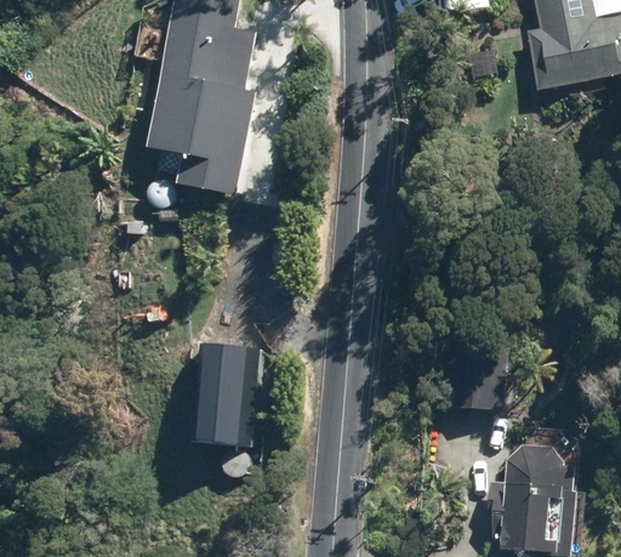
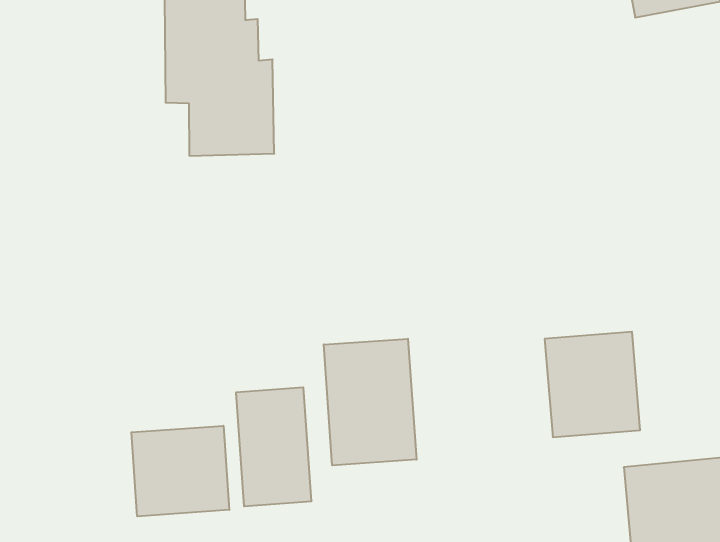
building: none -> [324,339,417,465]
building: none -> [131,426,229,516]

